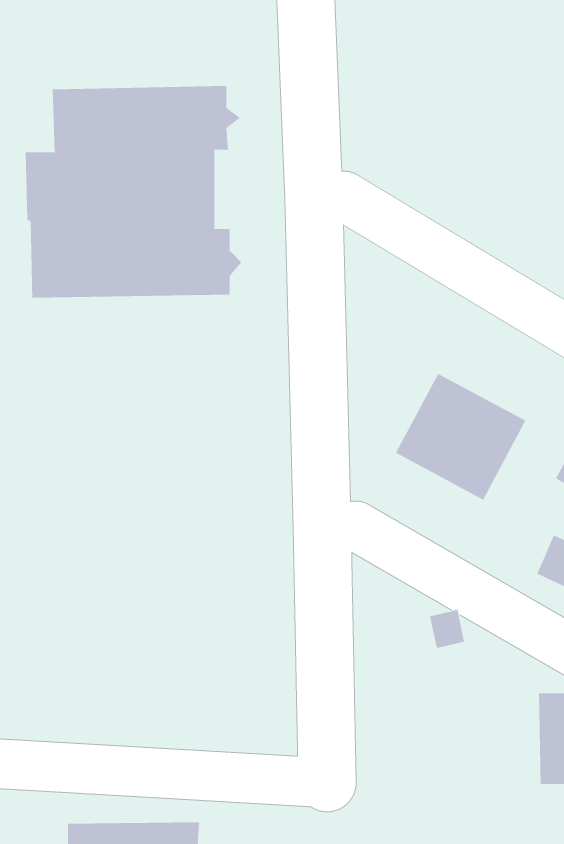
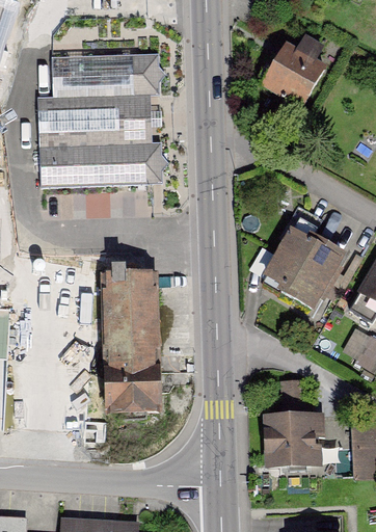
building: none -> [262,41,327,111]
building: none -> [97,276,153,414]
building: none -> [262,417,319,466]

